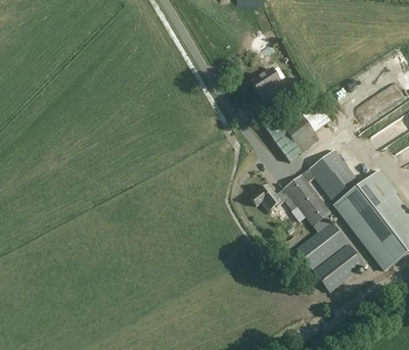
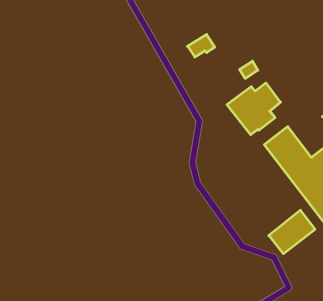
building: [251,67,281,93] -> [187,34,215,57]
building: [251,173,348,269] -> none

